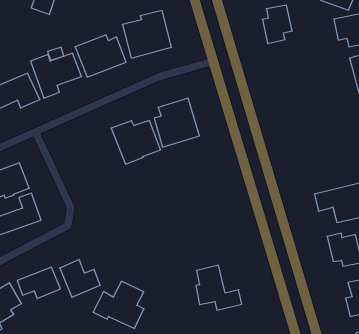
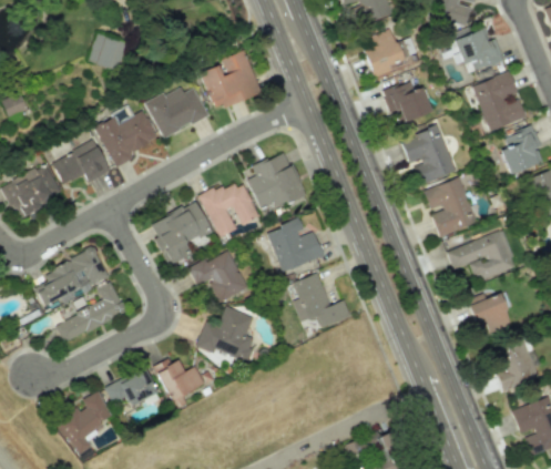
building: none -> [382,80,431,122]
building: none -> [401,125,456,184]
building: none -> [152,200,212,264]
building: none -> [424,176,477,235]
building: none -> [267,218,323,271]
building: none -> [188,248,247,300]
building: [196,265,242,310] -> [293,273,350,326]
building: [93,281,144,328] -> [196,306,256,360]

